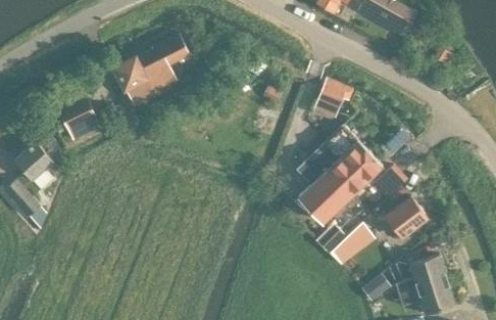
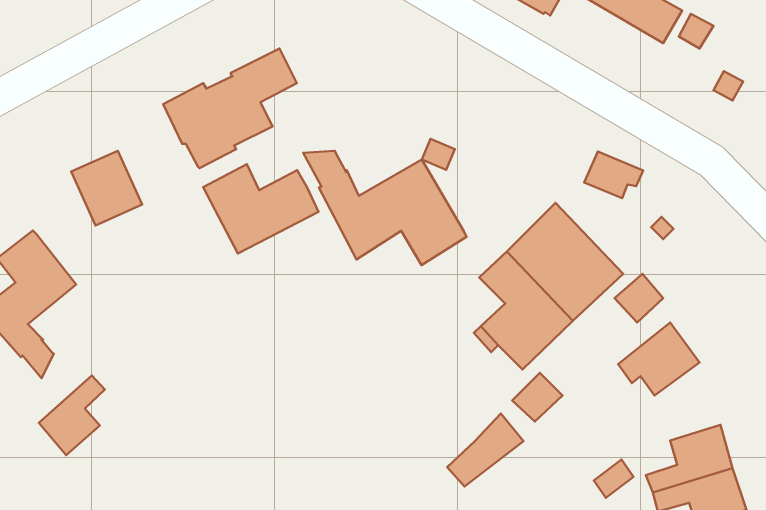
building: [316,80,351,107] -> [584,151,643,198]
building: none -> [303,151,467,265]
building: none -> [203,164,318,253]
building: [330,222,375,265] -> [447,414,524,486]
building: none -> [39,376,105,455]

